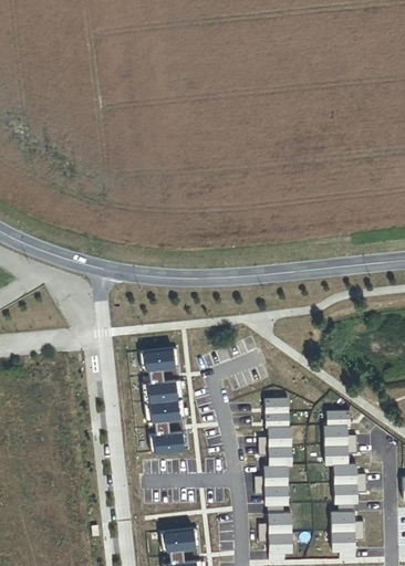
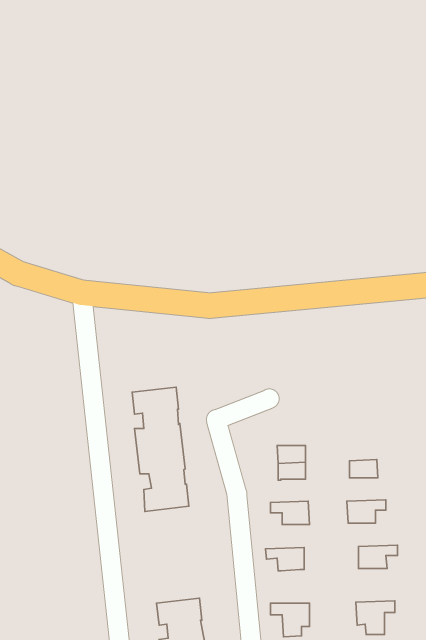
building: [323,426,356,446] -> none
building: [258,427,290,447] -> none
building: [332,463,366,484] -> none
building: [253,465,287,486] -> none
building: [330,503,364,532] -> none
building: [258,504,291,533] -> none

